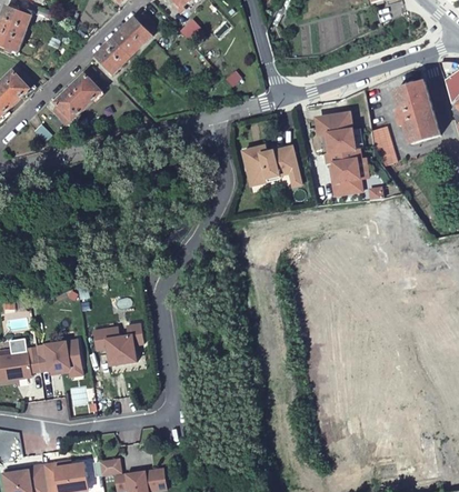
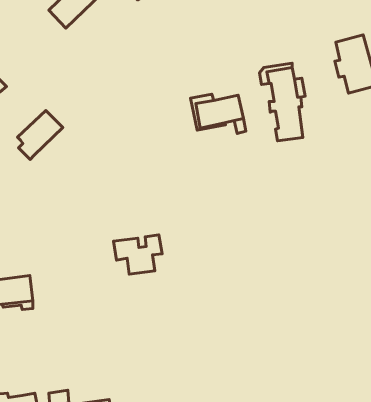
building: [53,77,101,128] -> [17,111,63,159]
building: [371,125,396,164] -> none
building: [90,321,141,362] -> [113,235,162,274]

